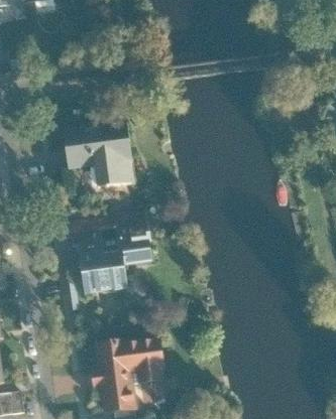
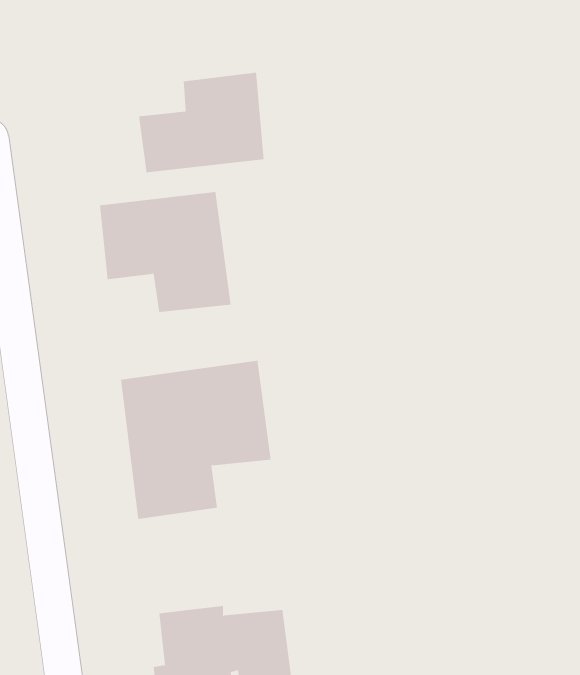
building: none -> [138,72,264,173]

